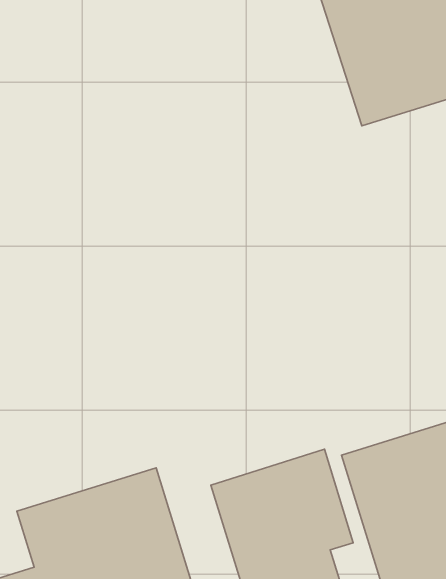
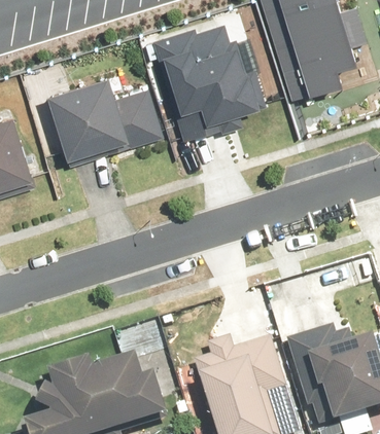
building: none -> [154,12,261,133]
building: none -> [43,71,165,165]

